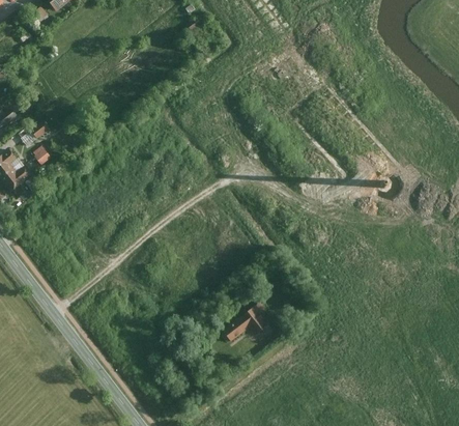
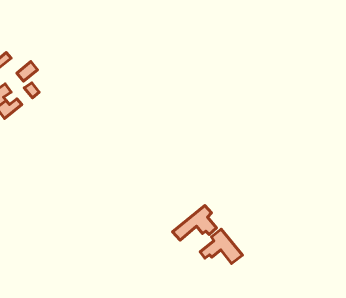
building: none -> [200,229,242,263]

